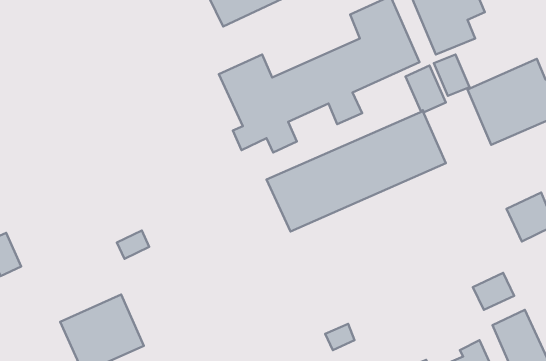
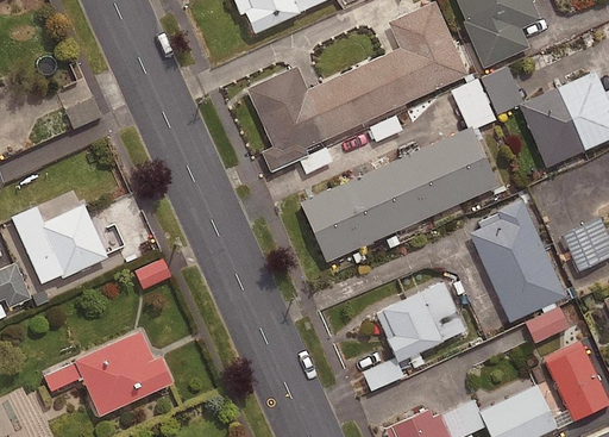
building: none -> [13,192,106,285]
building: none -> [470,200,567,321]
building: none -> [375,281,467,361]

